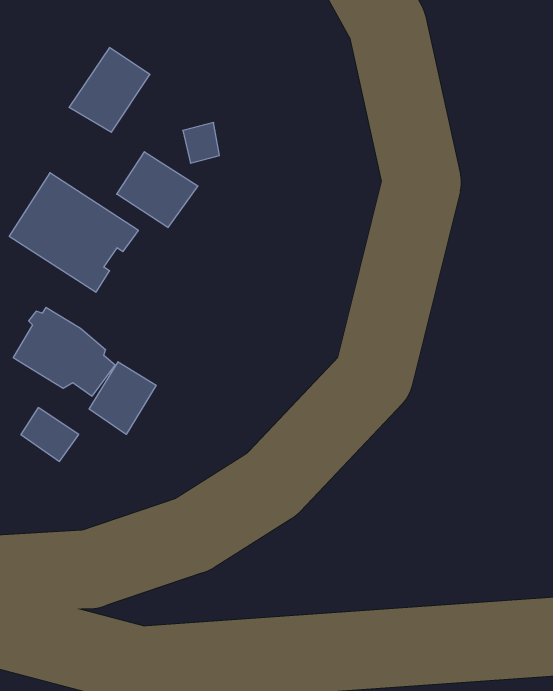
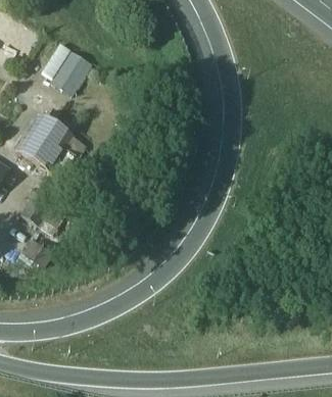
building: [117,152,198,228] -> none
building: [89,362,156,434] -> none

